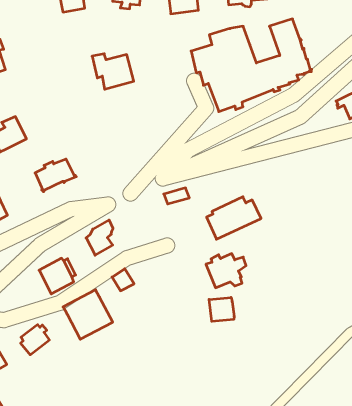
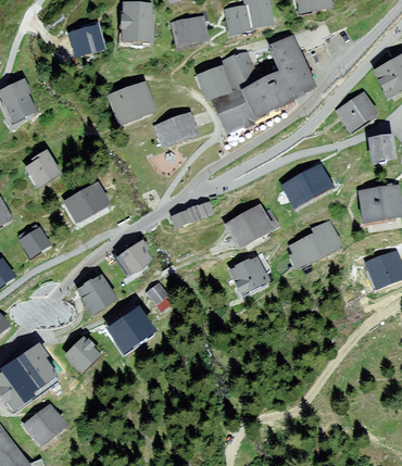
building: none -> [156,114,197,146]
building: none -> [285,167,329,204]
building: none -> [292,222,340,263]
building: [209,297,234,321] -> none

